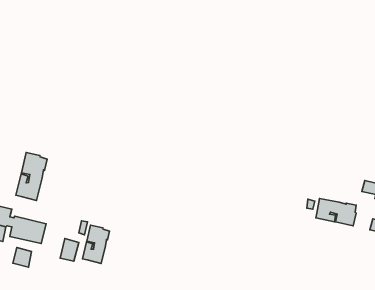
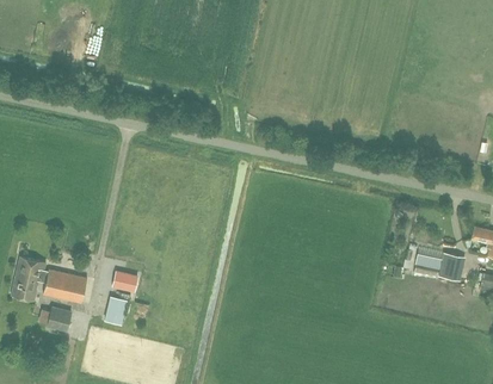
building: [16,153,47,200] -> none
building: [82,225,110,263] -> none

